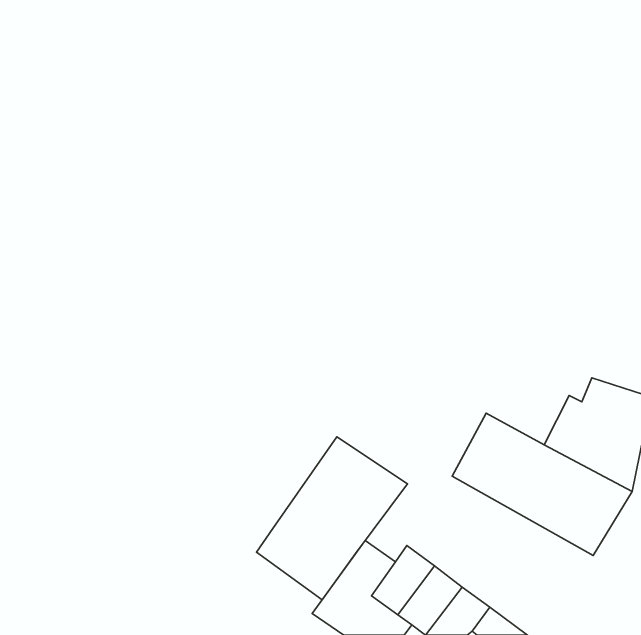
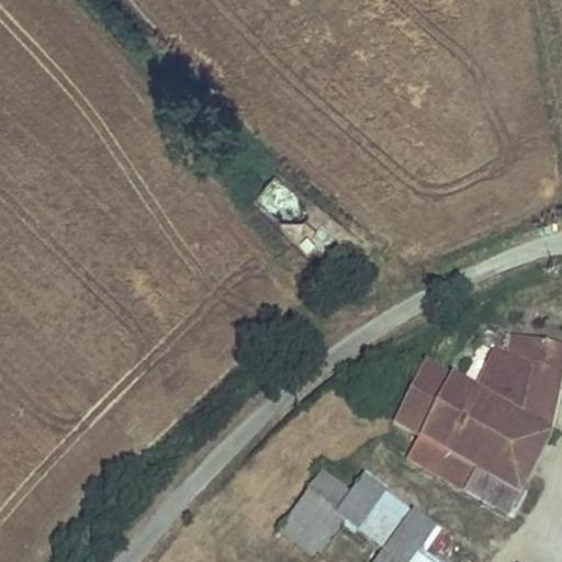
building: [257,437,407,600] -> none
building: none -> [408,429,519,508]

